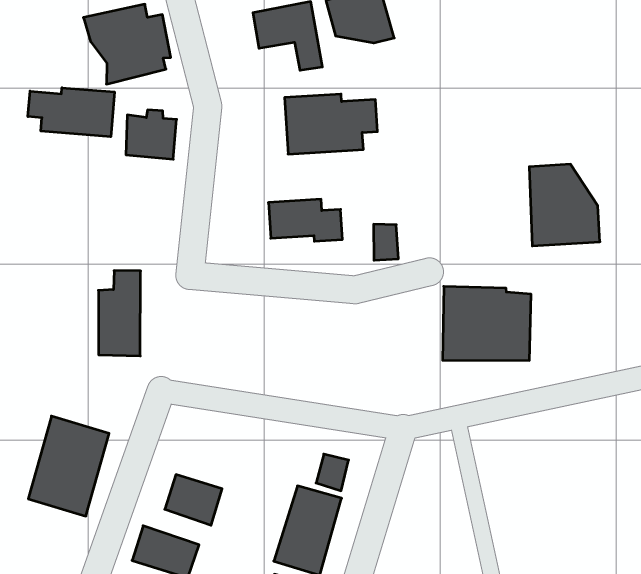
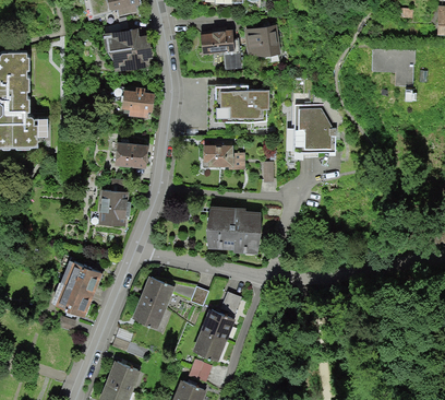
building: none -> [373,50,411,91]
building: [28,88,114,137] -> none
building: [529,164,600,246] -> [296,106,335,152]
building: none -> [115,140,151,167]
building: [443,286,531,360] -> [207,205,261,251]
building: none -> [140,278,208,308]

